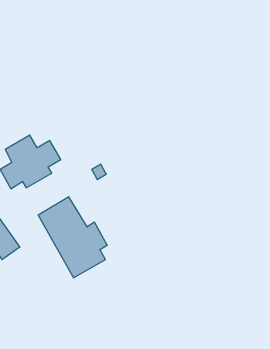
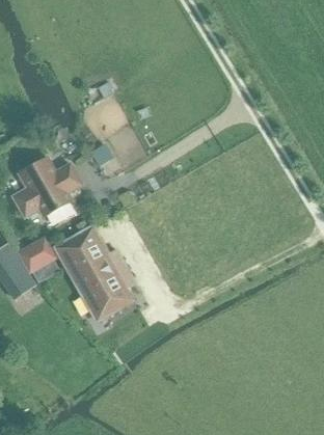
building: none -> [17,237,53,271]

